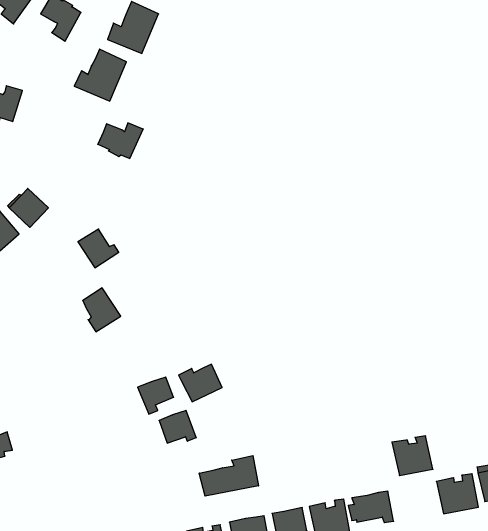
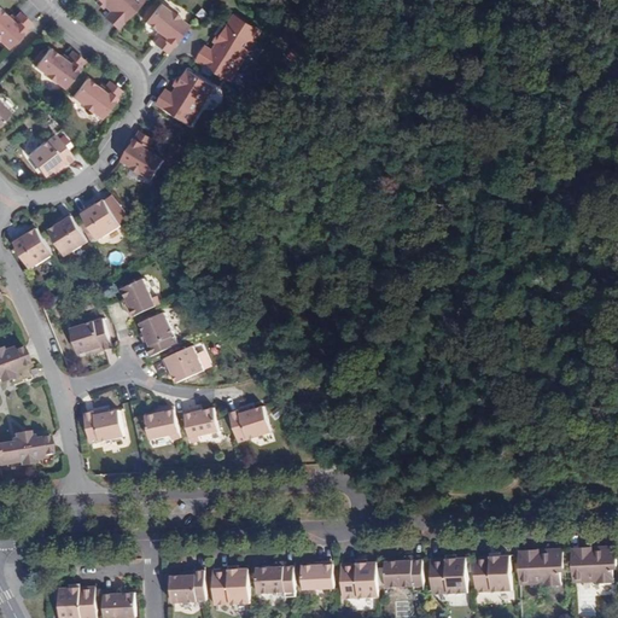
building: [98,123,143,158] -> [122,136,170,175]
building: [78,229,119,268] -> [117,278,157,316]
building: none -> [69,317,111,352]
building: none -> [165,344,203,381]
building: none -> [84,408,126,442]
building: [159,410,196,443] -> [145,416,180,448]
building: [392,436,433,476] -> [430,558,467,594]
building: [199,456,258,496] -> none

